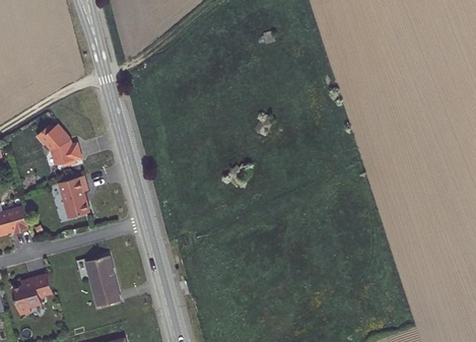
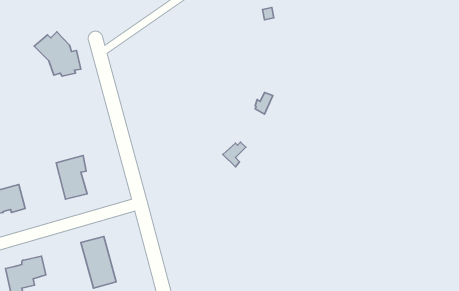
building: [36,124,81,167] -> [34,32,81,76]

